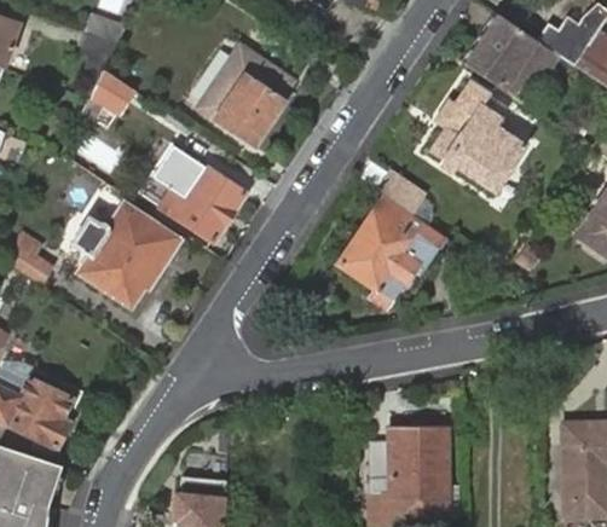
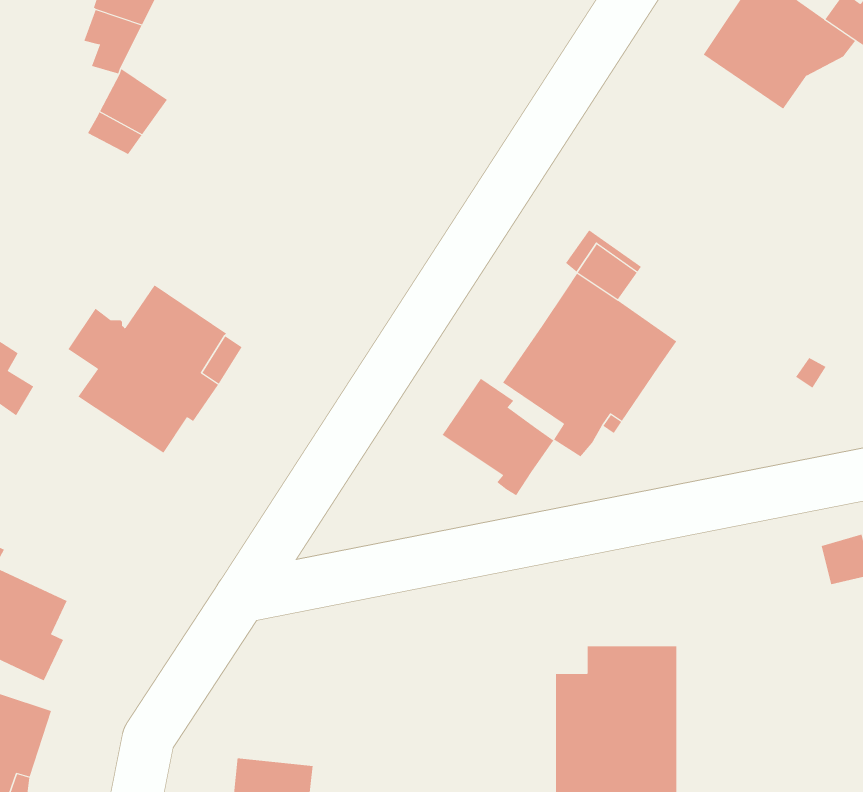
building: [200,46,294,144] -> none
building: [432,82,522,191] -> none
building: [154,146,245,242] -> none
building: none -> [442,378,554,496]

